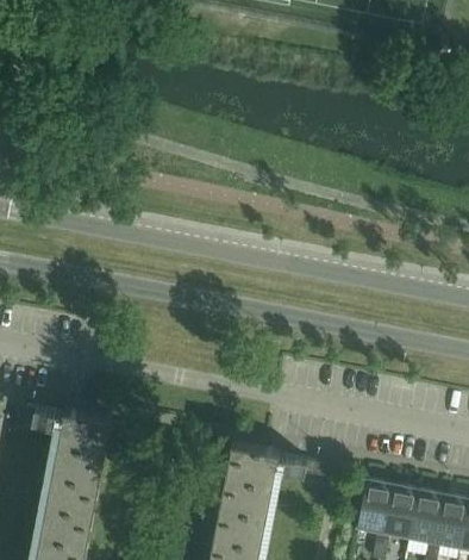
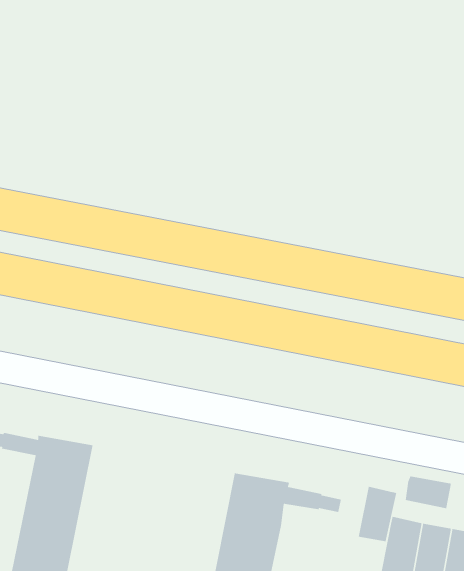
building: none -> [405,476,452,509]
building: none -> [358,486,397,542]

